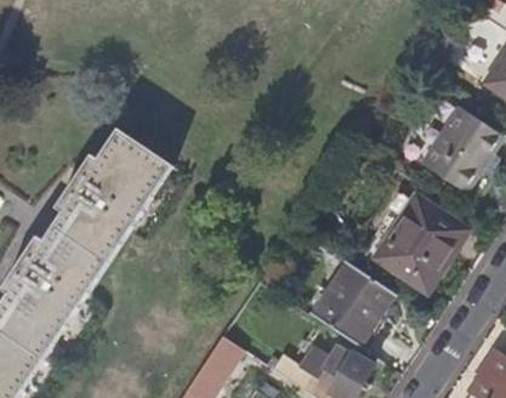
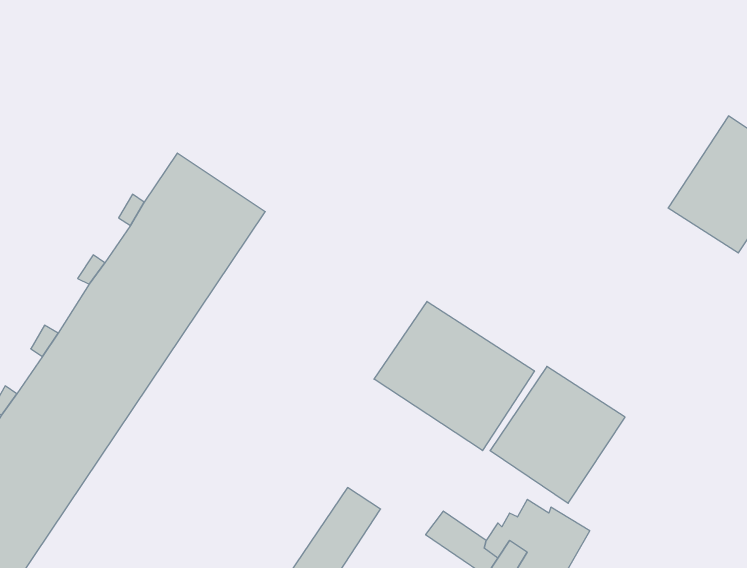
building: [382,200,460,282] -> none
building: none -> [374,301,534,451]

